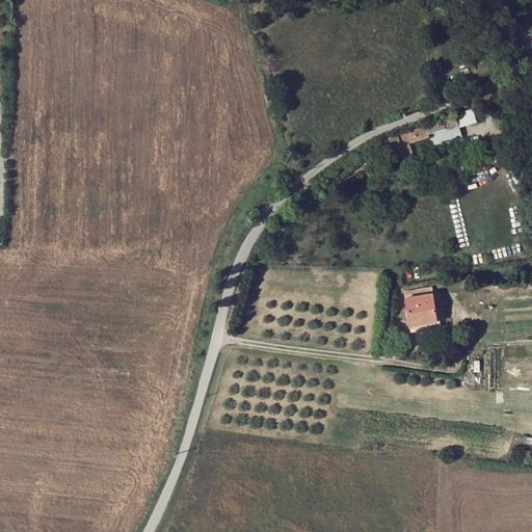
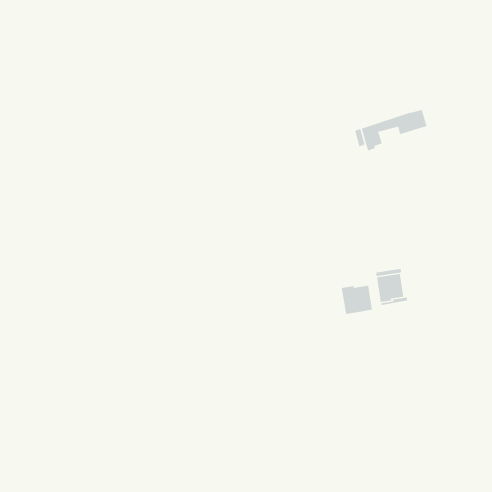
building: none -> [341,285,373,315]

